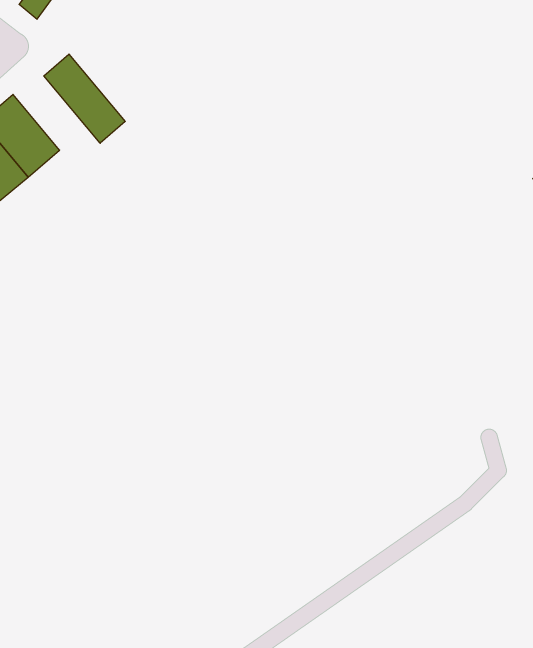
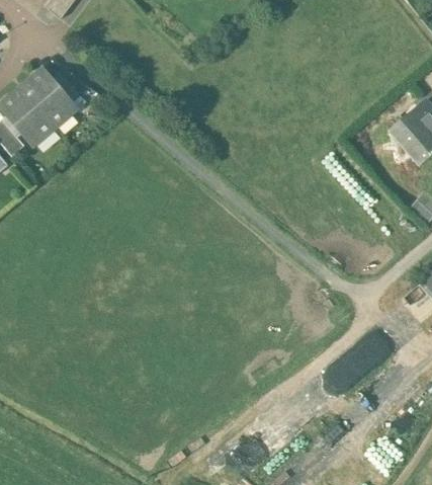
building: [44,54,125,143] -> none

